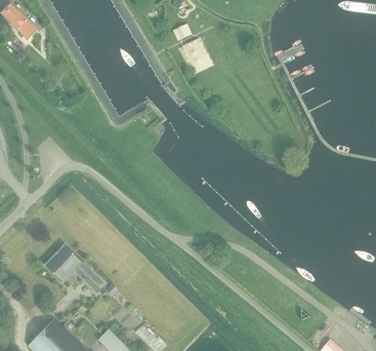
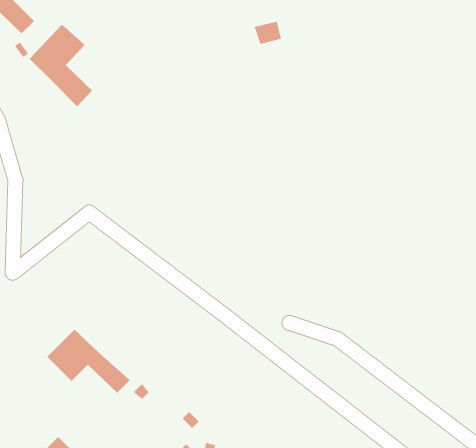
building: none -> [29,24,93,107]

